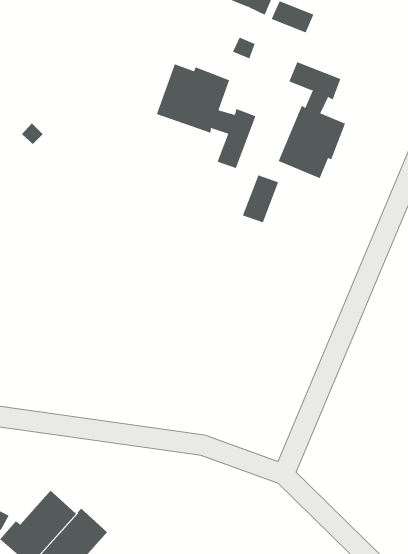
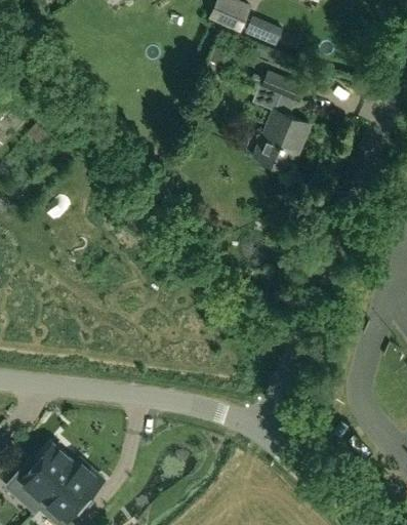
building: [156,64,256,169] -> none
building: [242,175,279,223] -> none

